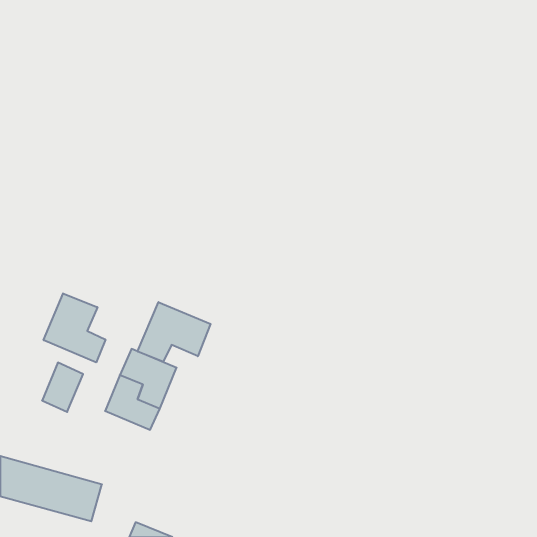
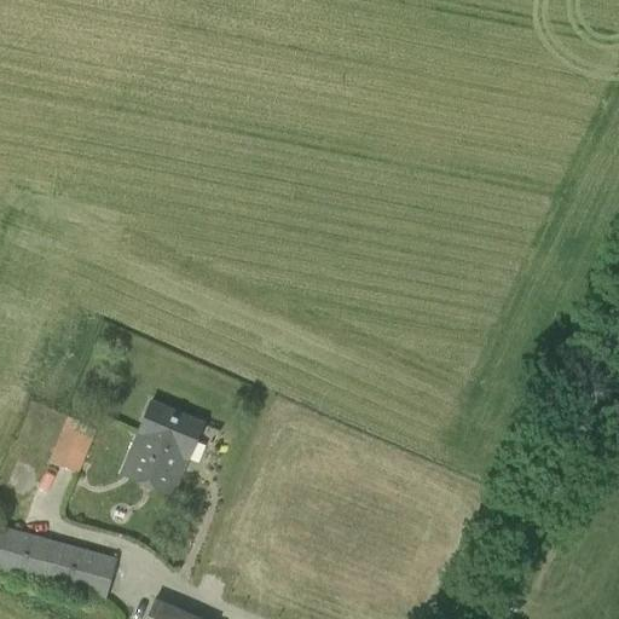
building: [44,293,105,362] -> none
building: [138,302,211,362] -> none

